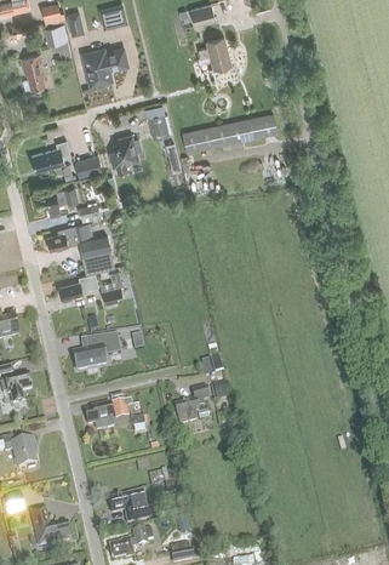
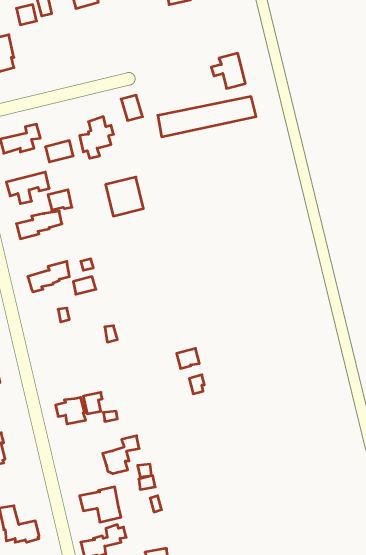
building: [198,35,230,69] -> [211,53,245,88]
building: [82,47,126,84] -> none
building: [79,235,115,273] -> [106,177,143,216]
building: [73,333,120,369] -> none
building: [175,386,210,422] -> [103,436,139,474]

